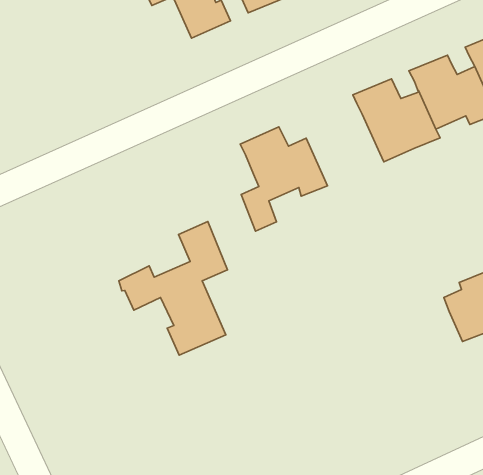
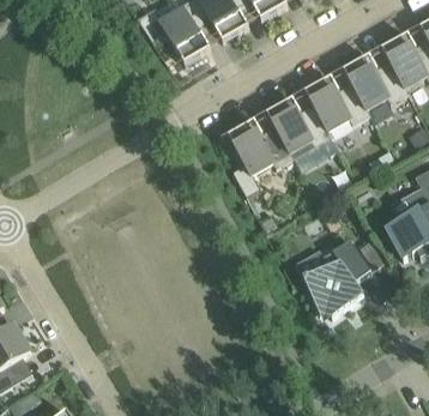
building: none -> [266,97,338,157]
building: [119,221,228,355] -> none
building: none -> [303,241,371,316]

